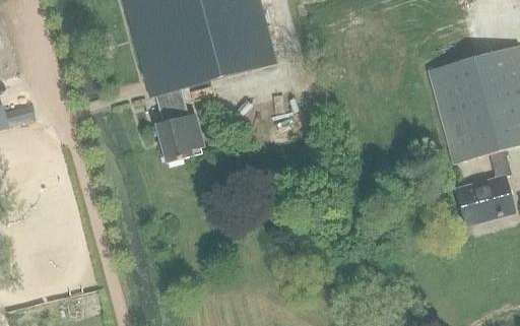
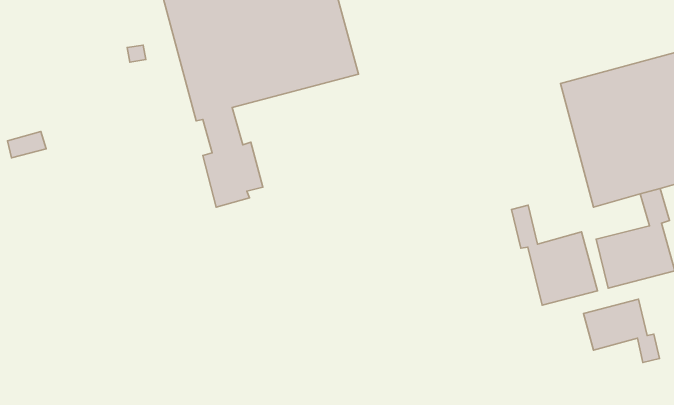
building: none -> [512,205,598,305]
building: none -> [583,299,659,363]

